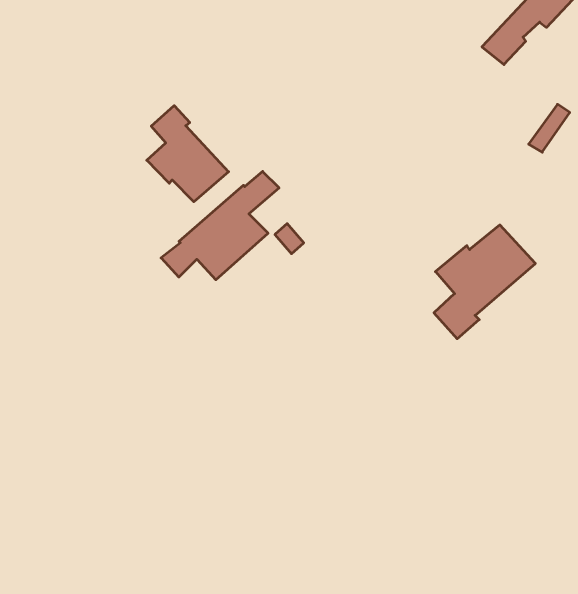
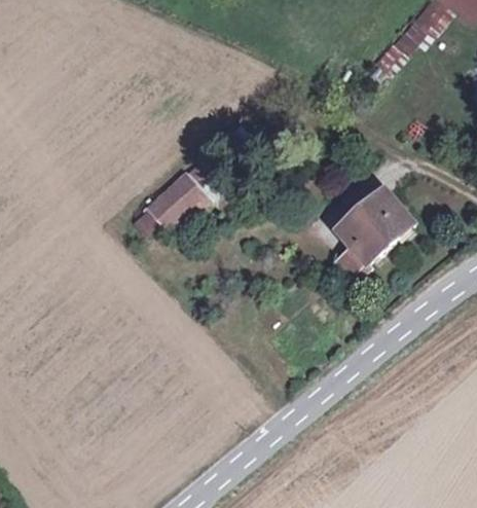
building: [147,106,229,202] -> none

